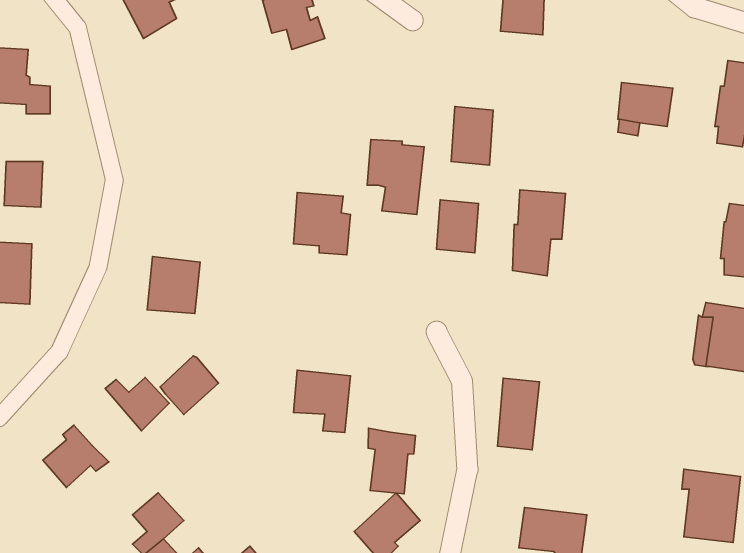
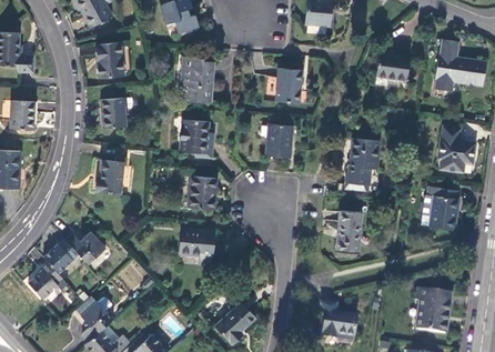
building: none -> [95,43,123,78]
building: [367,139,424,215] -> [180,57,214,102]
building: none -> [100,98,128,128]
building: [512,190,566,276] -> [348,139,381,191]
building: none -> [190,177,216,210]
building: [160,356,219,414] -> [43,238,79,273]
building: [498,378,540,450] -> [337,210,363,253]
building: [368,428,415,494] -> none

